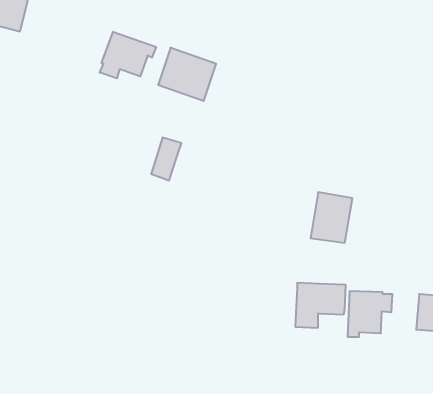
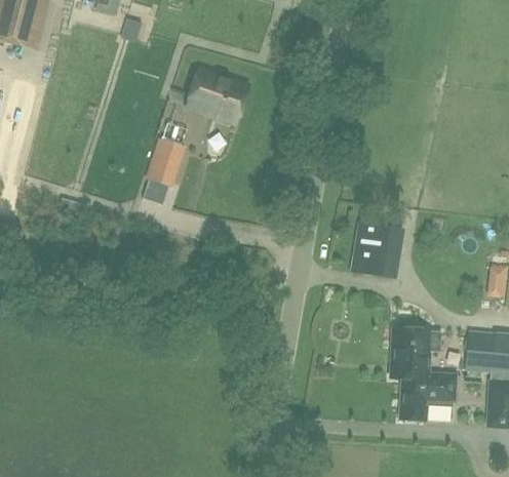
building: [100,32,156,78] -> none
building: [151,138,181,180] -> [149,138,182,185]
building: [295,283,346,328] -> [401,372,456,421]

